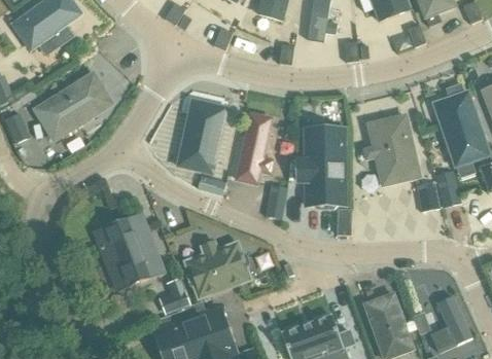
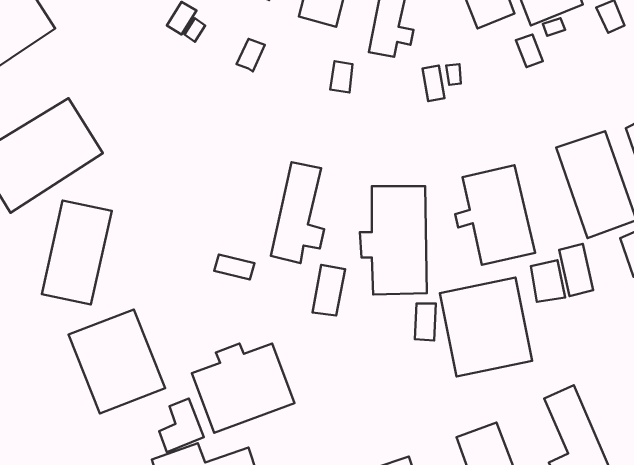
building: [178,100,226,172] -> [42,200,112,304]
building: none -> [440,277,532,377]

